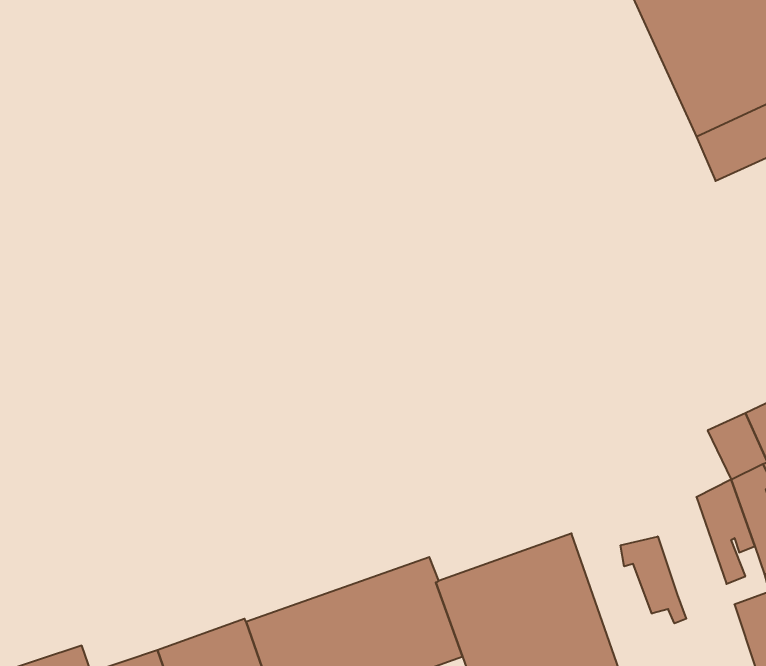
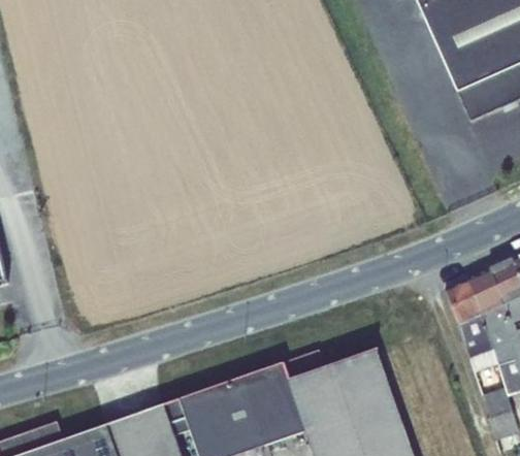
building: none -> [447,283,481,326]
building: [621,536,686,623] -> none

